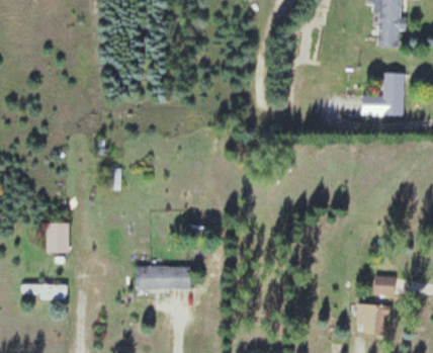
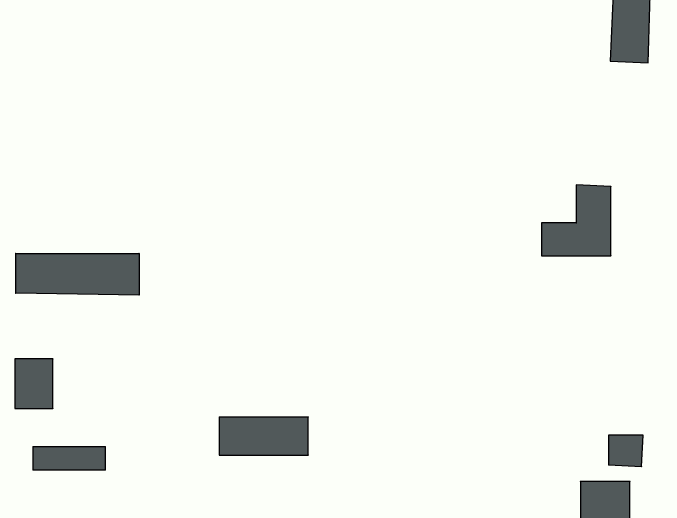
building: [361,73,404,116] -> [542,185,611,256]
building: none -> [16,253,139,295]
building: [46,224,69,254] -> [15,359,53,408]

